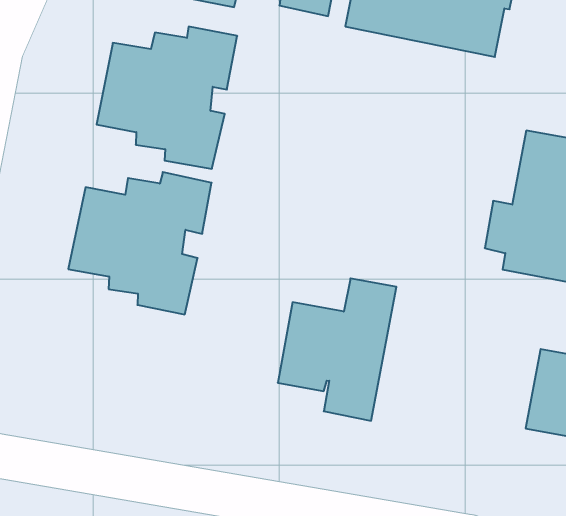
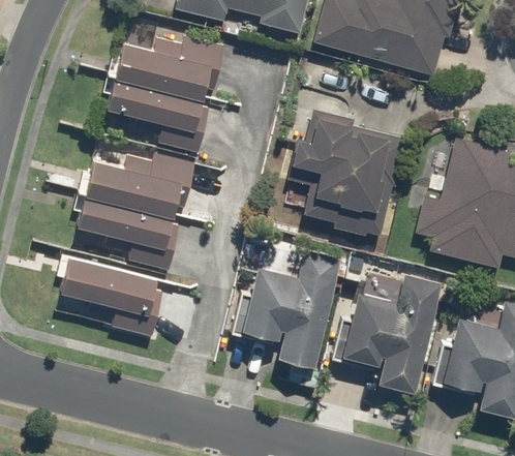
building: none -> [286,110,404,235]
building: none -> [339,274,442,393]
building: none -> [58,257,163,335]

